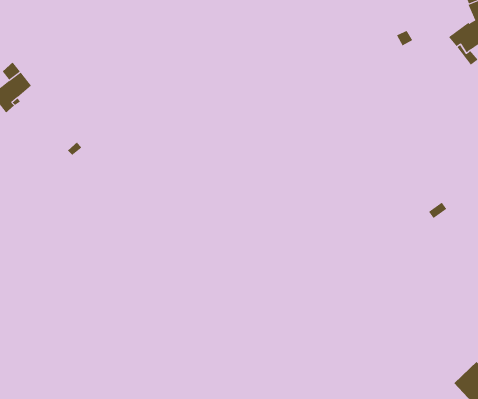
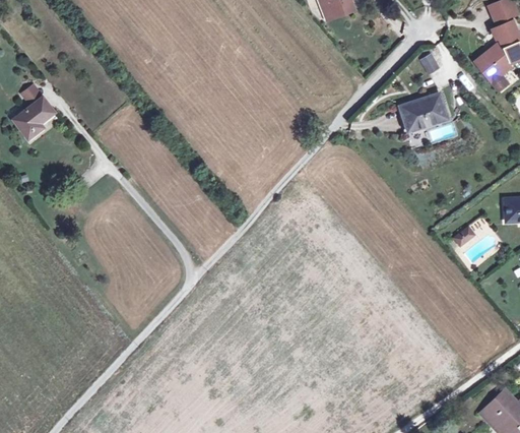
building: none -> [400,94,448,132]

